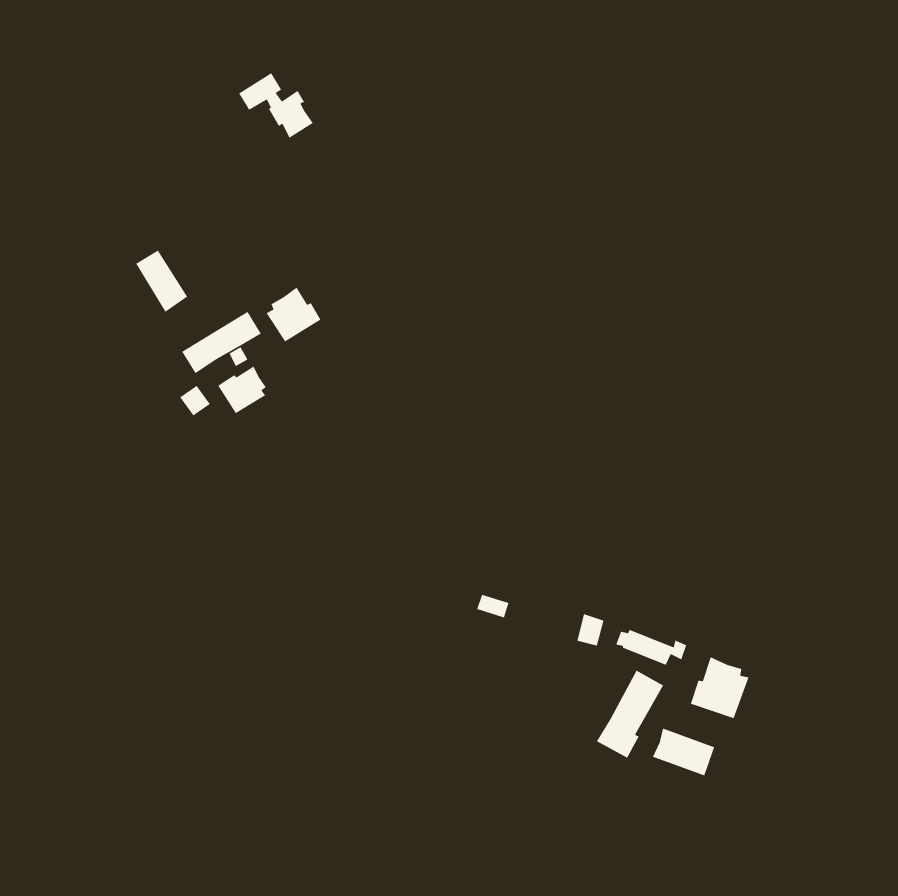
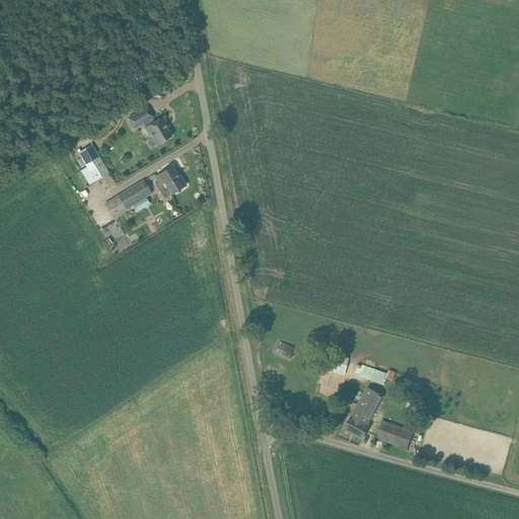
building: [238,72,314,139] -> [128,105,171,144]
building: [217,365,266,414] -> none
building: [690,656,749,719] -> none

